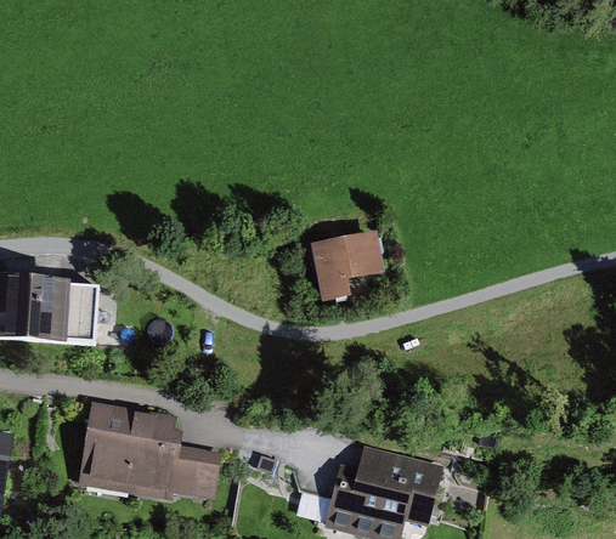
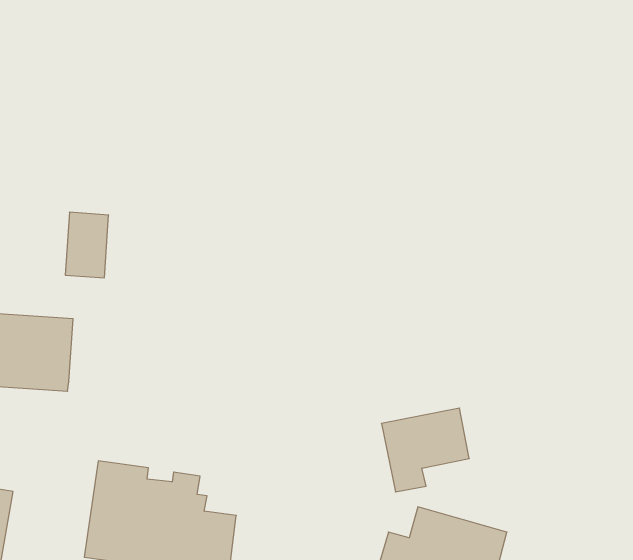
building: [310,234,386,307] -> [381,408,469,492]
building: [64,279,102,336] -> [65,212,109,278]

